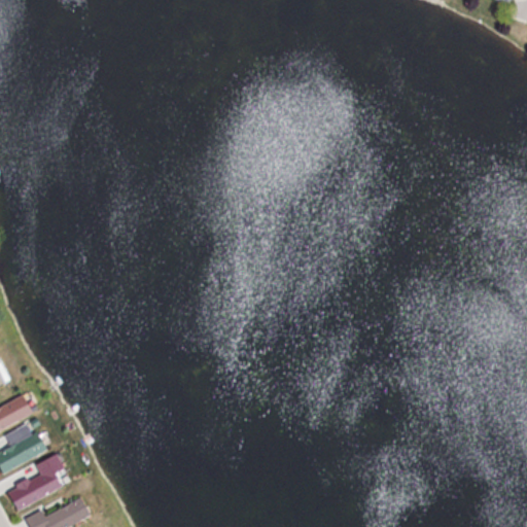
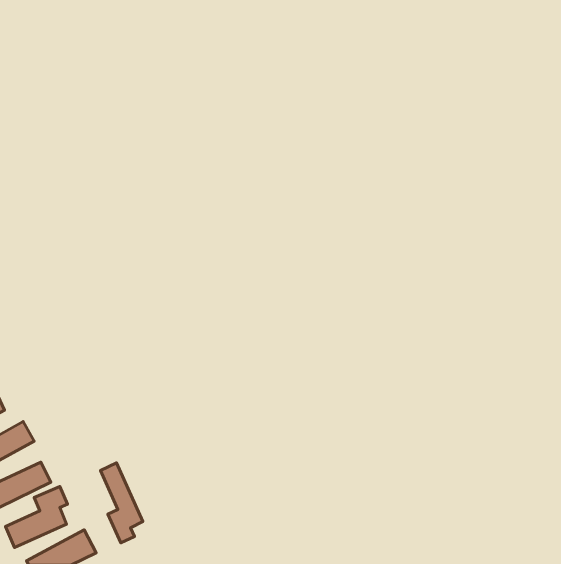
building: none -> [101,463,143,543]

